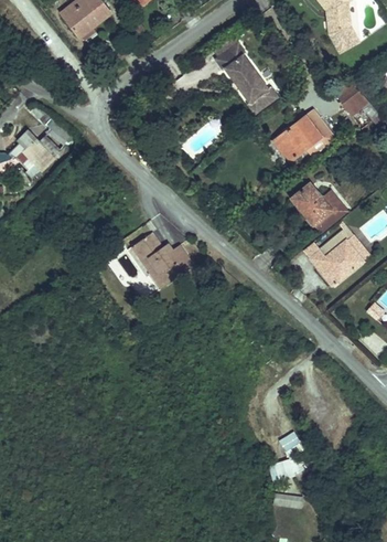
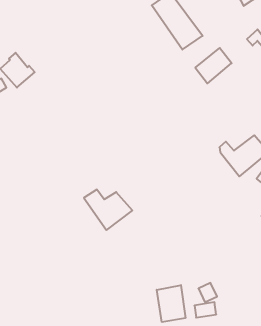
building: [289,181,348,234] -> none
building: [131,234,197,289] -> [84,190,132,230]
building: none -> [157,285,185,322]

